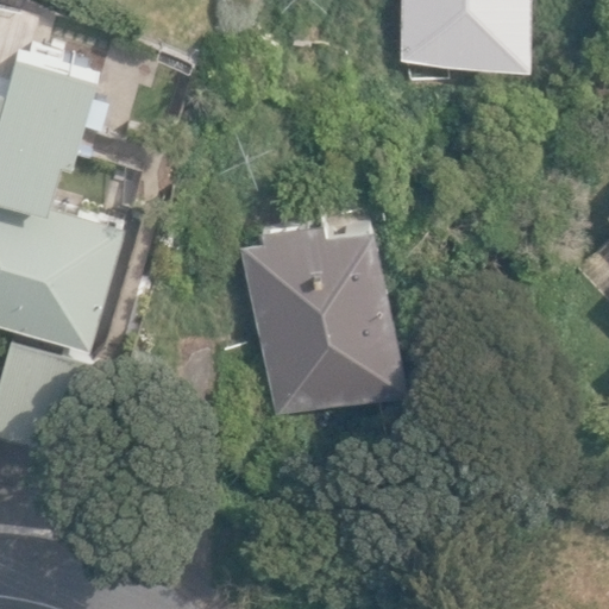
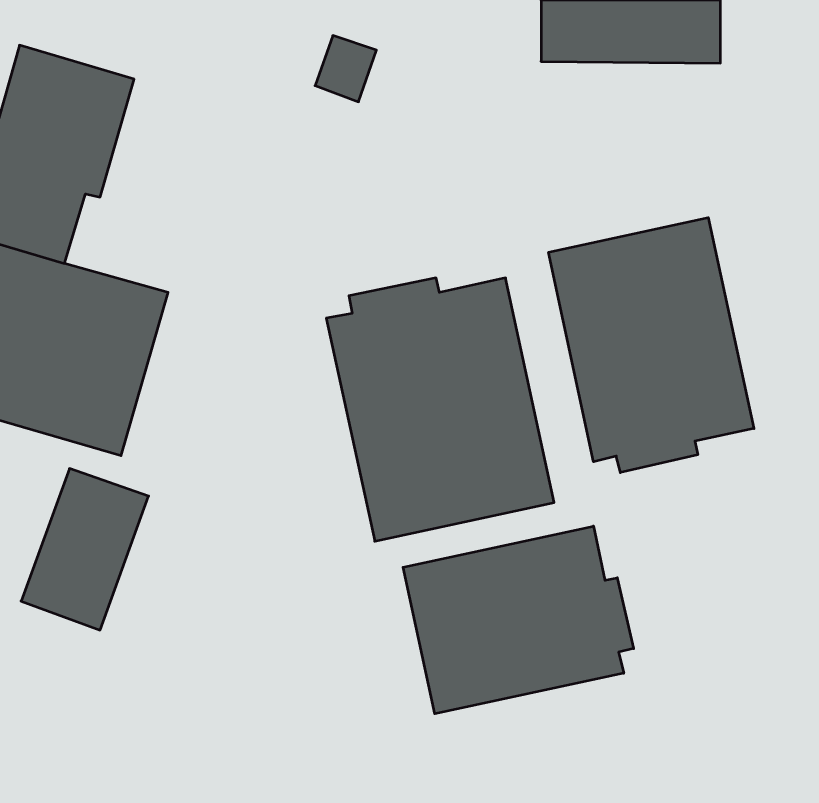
building: none -> [549,218,754,473]
building: none -> [403,526,634,714]

